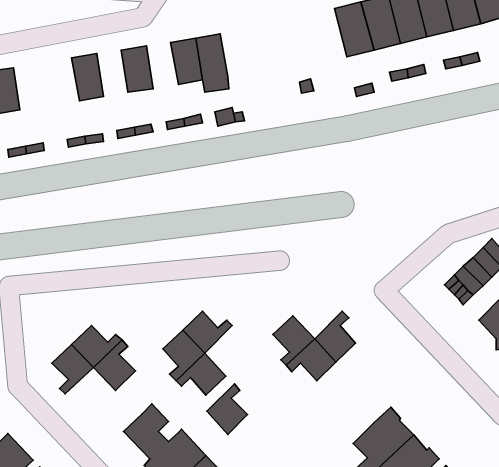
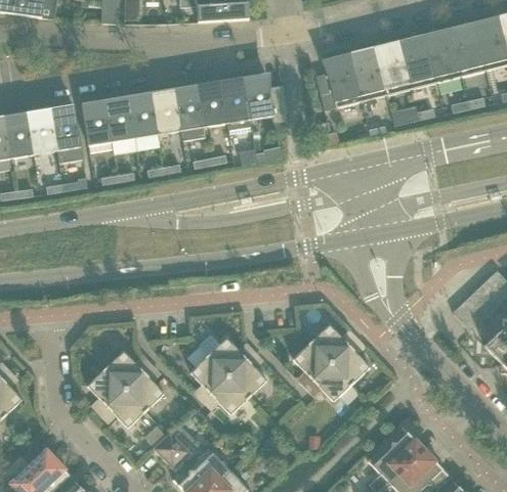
building: none -> [314,54,361,108]
building: none -> [243,74,286,121]
building: none -> [174,86,205,138]
building: none -> [128,93,157,136]
building: none -> [81,100,112,143]
building: none -> [50,105,82,161]
building: none -> [310,322,356,361]
building: none -> [98,388,145,427]
building: [207,384,248,434] -> [228,349,266,396]

